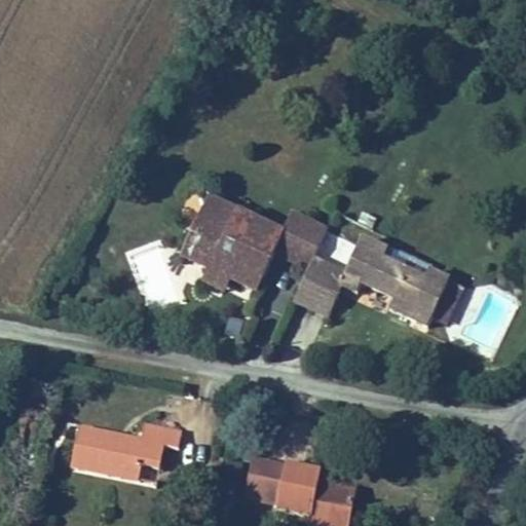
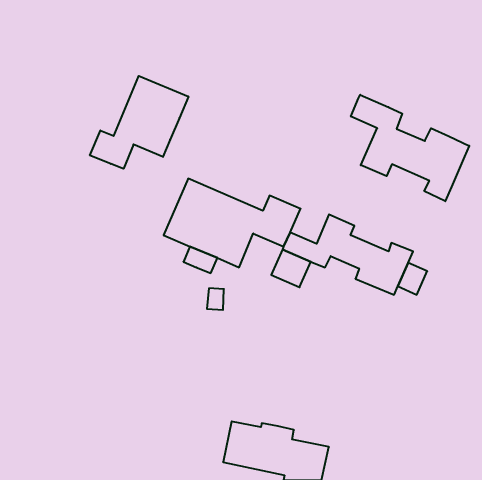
building: none -> [90,76,188,169]
building: none -> [351,95,469,201]
building: [70,421,181,480] -> none

